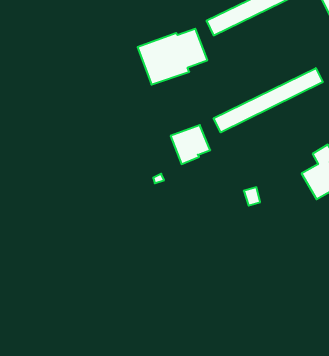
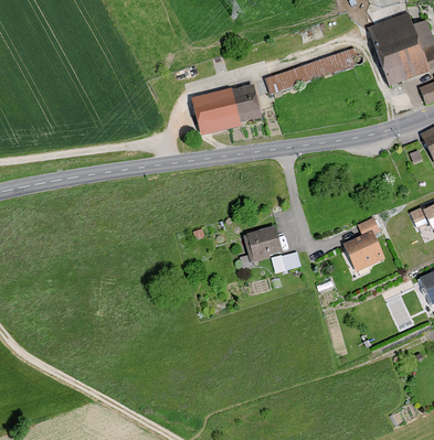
building: [214,68,323,132] -> none
building: [171,125,210,164] -> [243,226,282,264]

